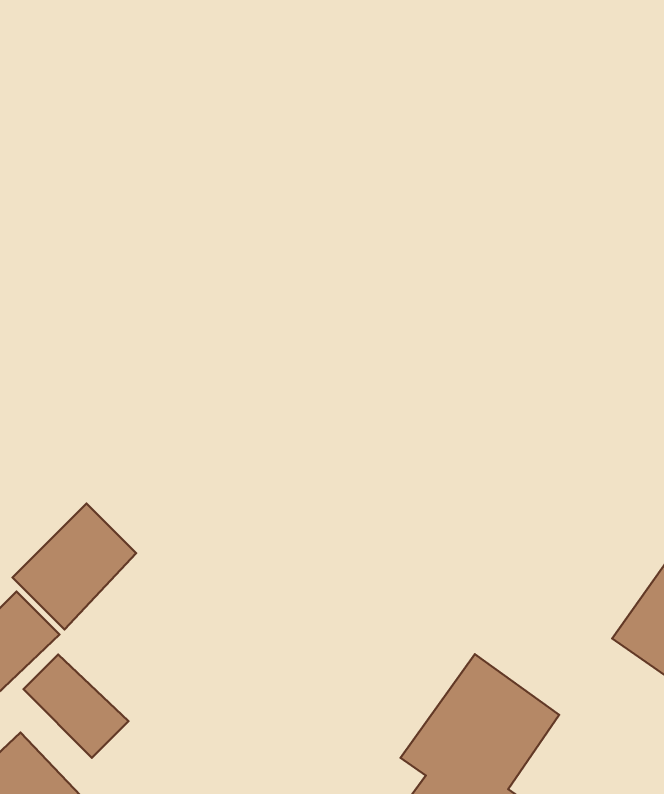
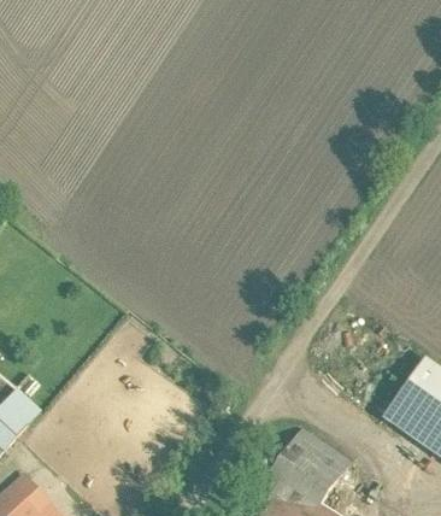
building: [12,503,136,629] -> none
building: [23,654,128,758] -> none

